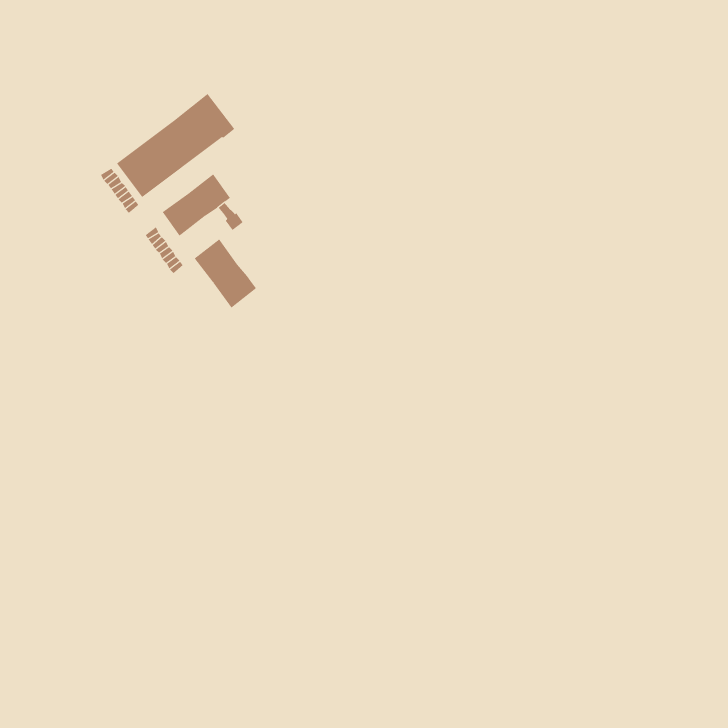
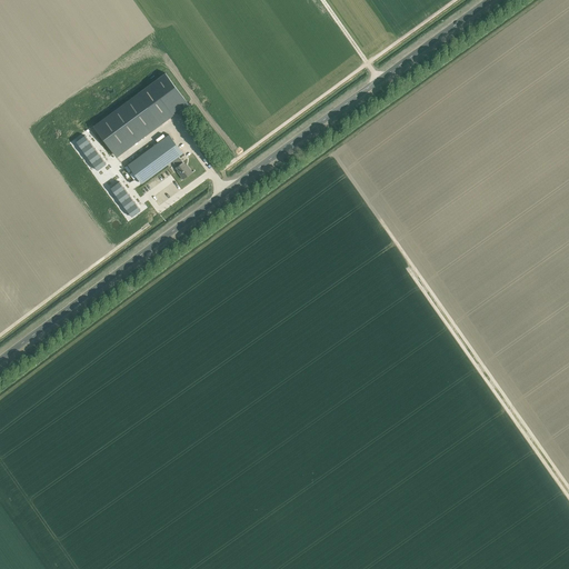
building: [194,238,257,308] -> none

